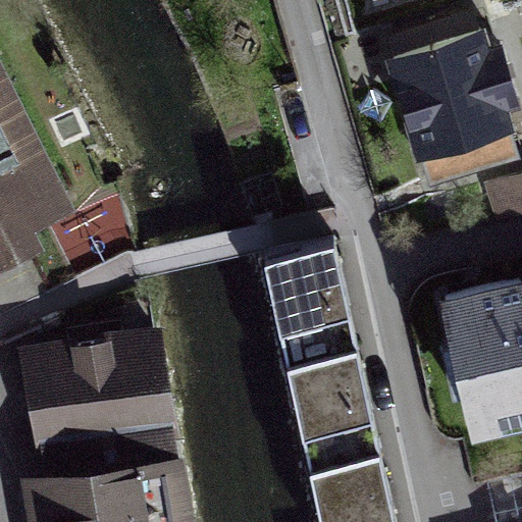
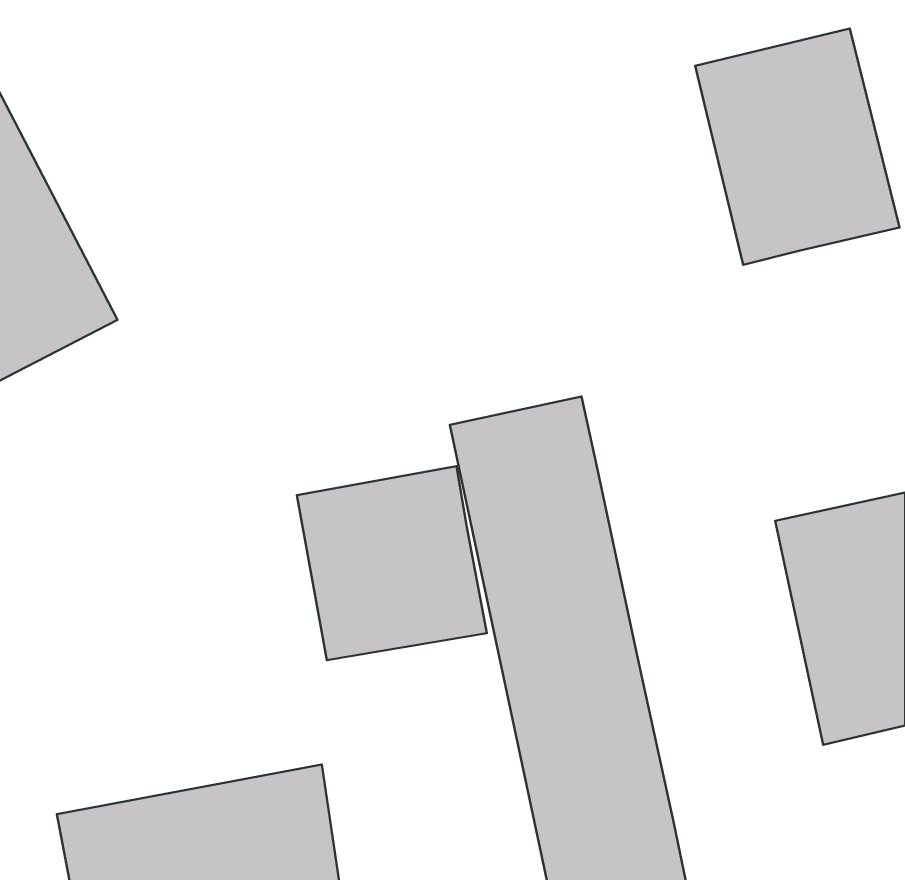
building: none -> [297,466,487,660]
building: [24,331,178,461] -> none

